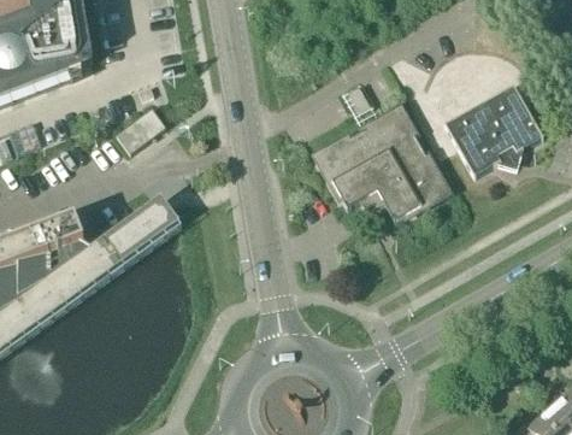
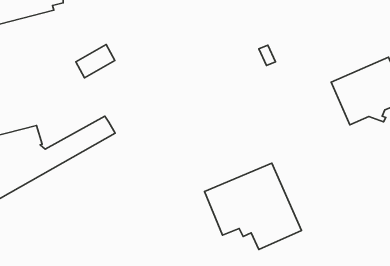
building: [317,110,446,222] -> [204,163,302,250]

